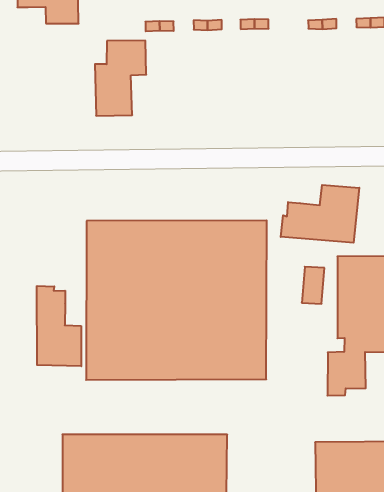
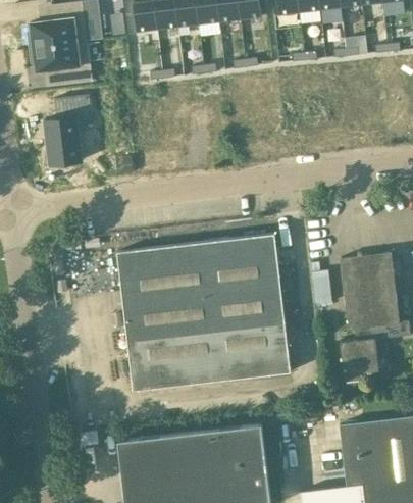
building: [95,41,146,116] -> [45,95,91,165]
building: [281,185,359,243] -> none
building: [37,286,81,366] -> none

